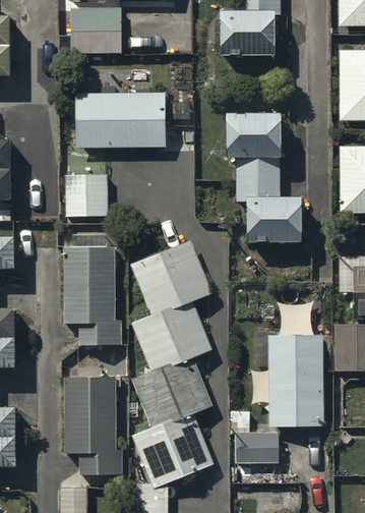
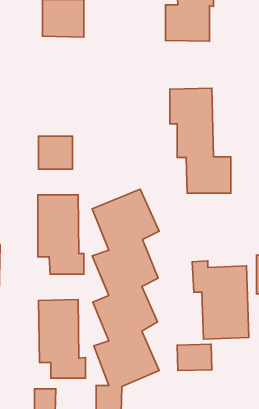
building: [74,87,164,141] -> none

